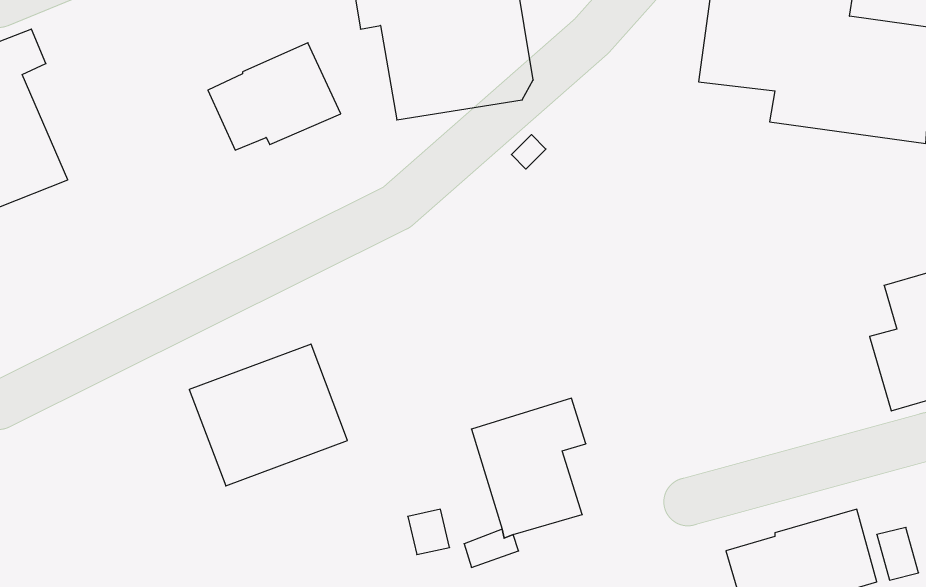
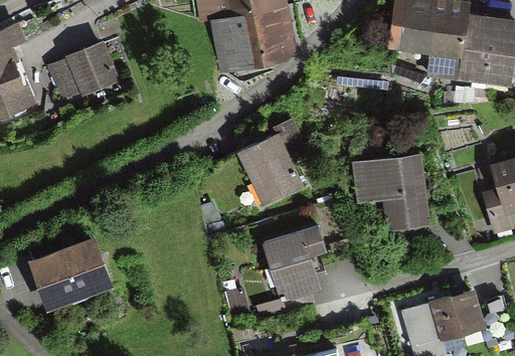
building: [208,43,341,150] -> [46,41,120,101]
building: none -> [217,118,310,203]
building: none -> [353,154,431,230]
building: [189,344,347,486] -> [26,236,114,315]

